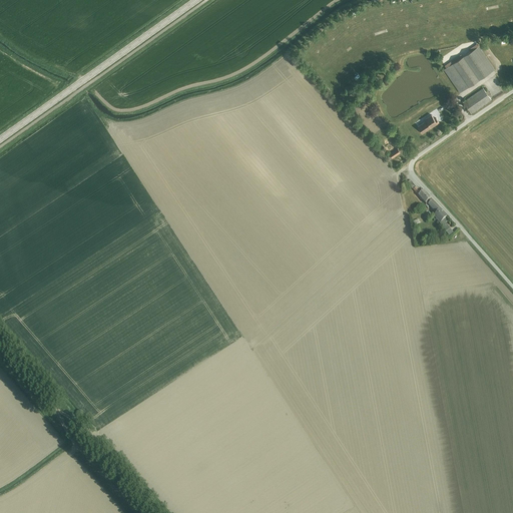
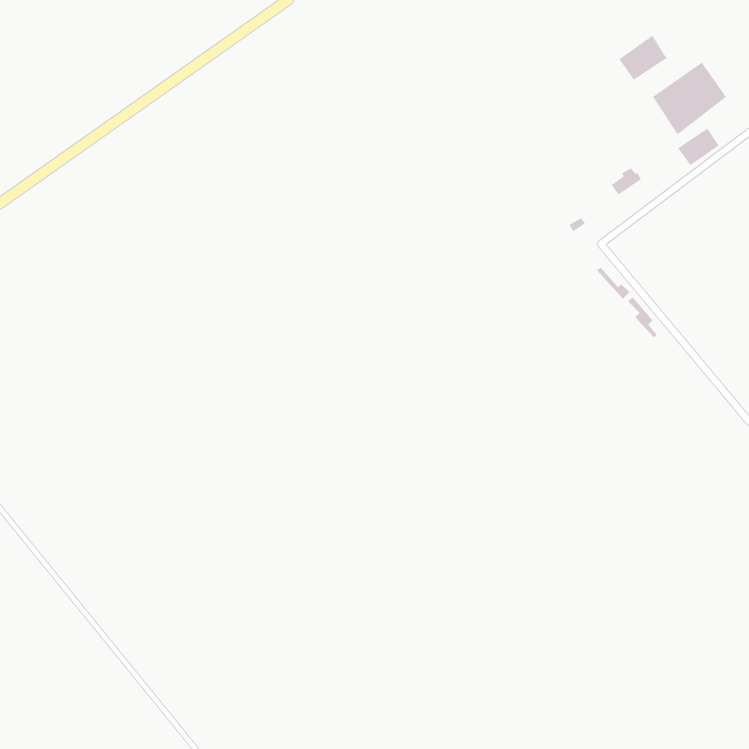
building: none -> [618,35,667,81]

